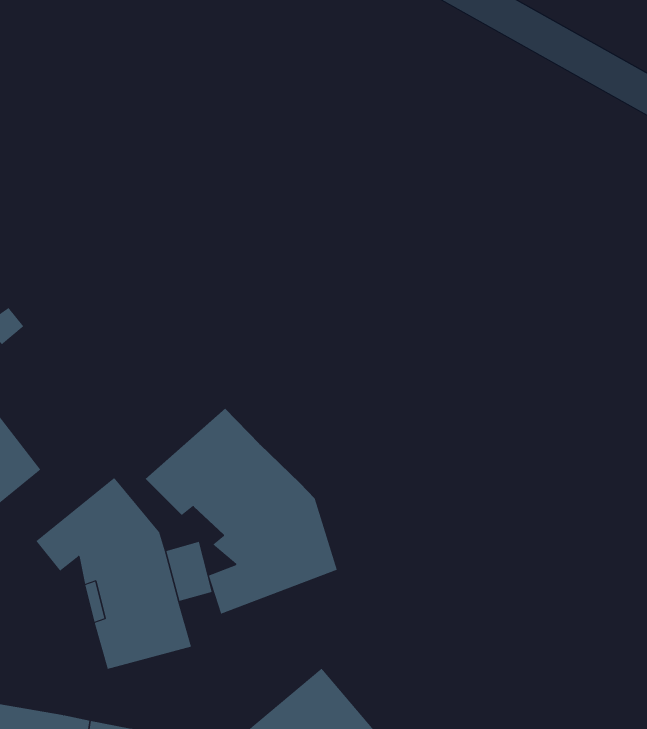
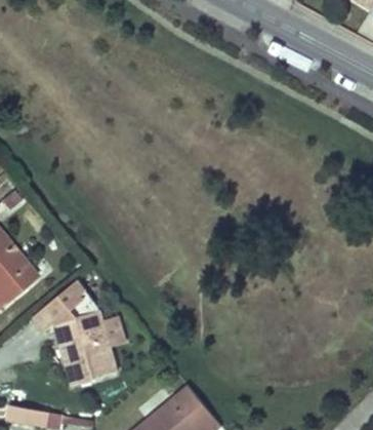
building: [145,408,337,614] -> none

